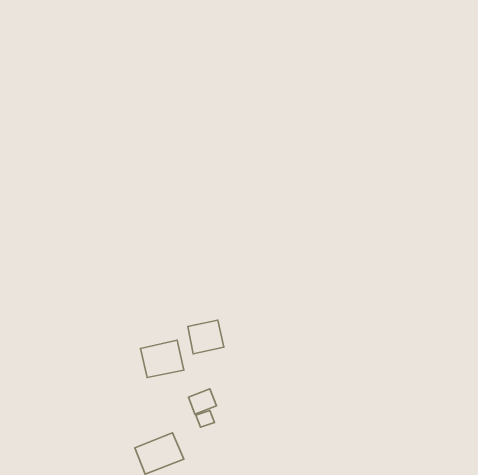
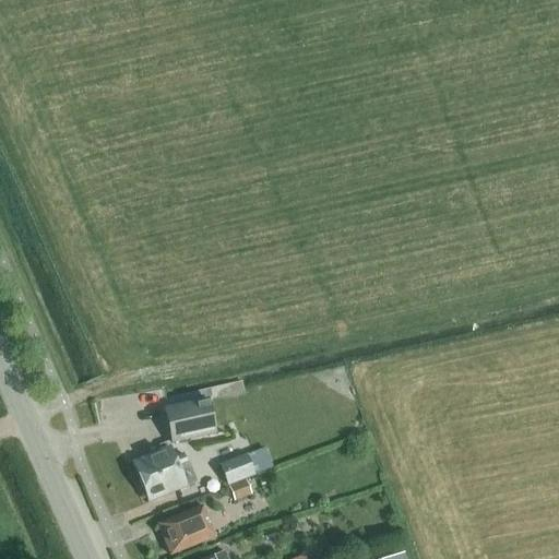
building: [188,320,224,354] -> none
building: none -> [133,444,188,500]

